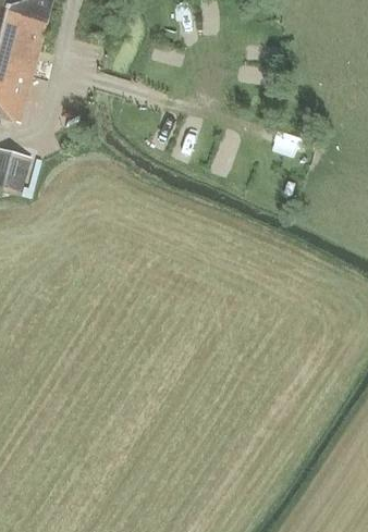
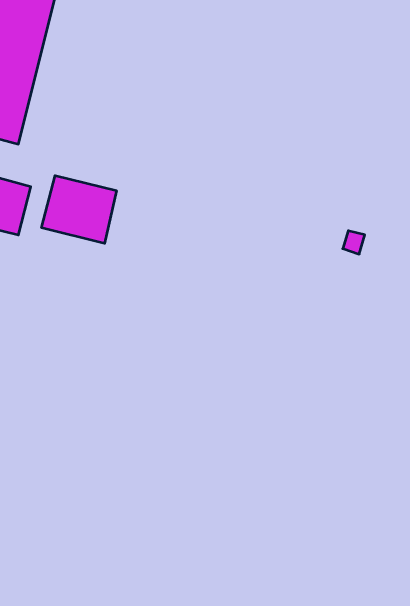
building: none -> [42,176,116,243]

